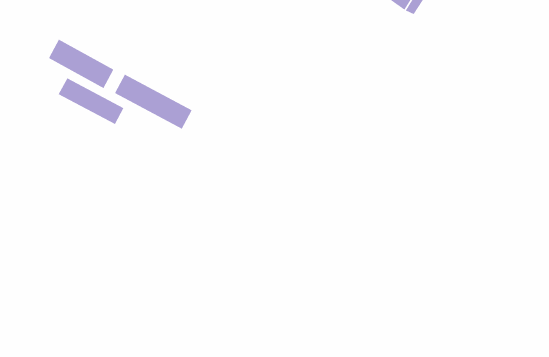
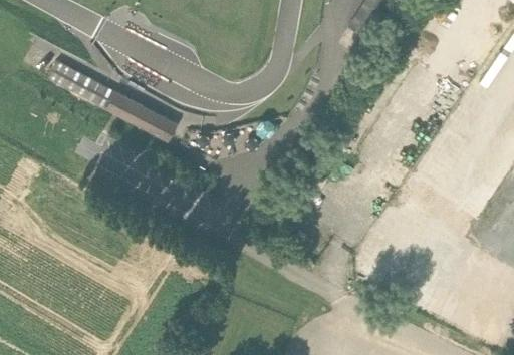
building: [58,77,124,125] -> none

